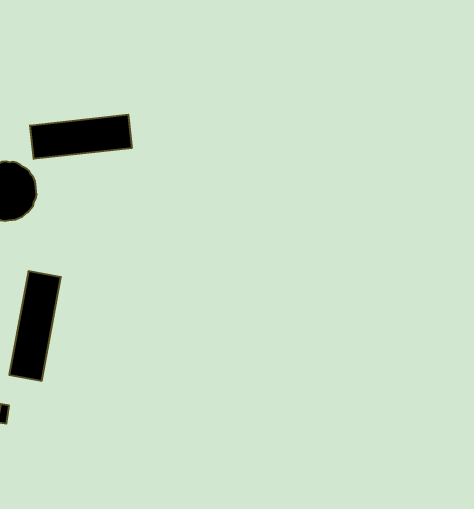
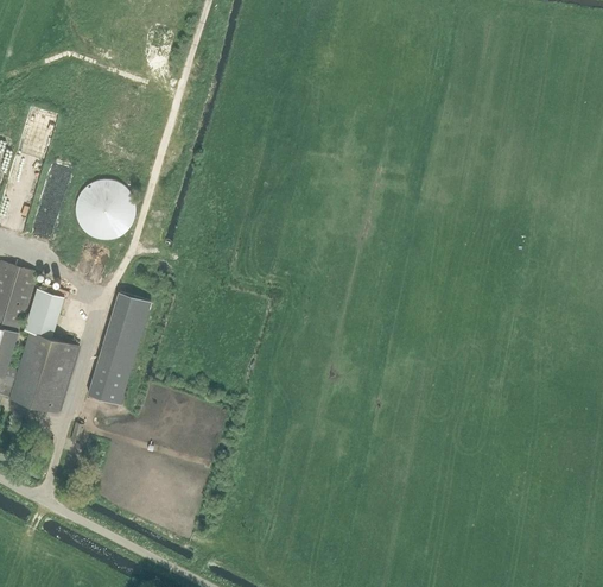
building: [30,115,132,159] -> none

